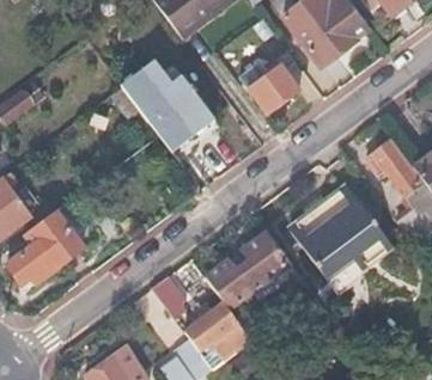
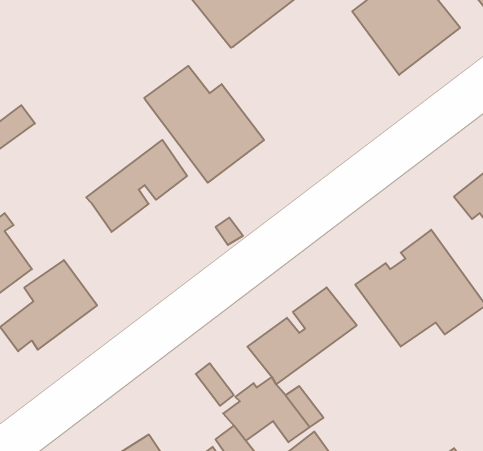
building: [248,63,299,114] -> none
building: none -> [86,140,187,232]

